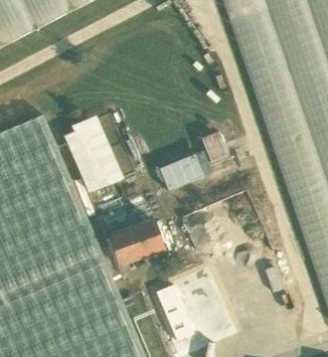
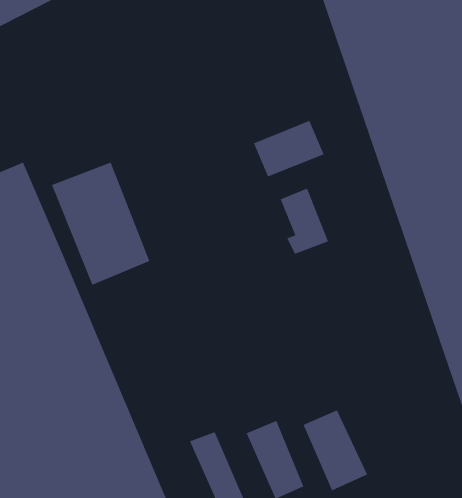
building: [160,154,204,189] -> [253,120,324,177]
building: [110,220,165,265] -> none
building: none -> [303,409,368,491]

